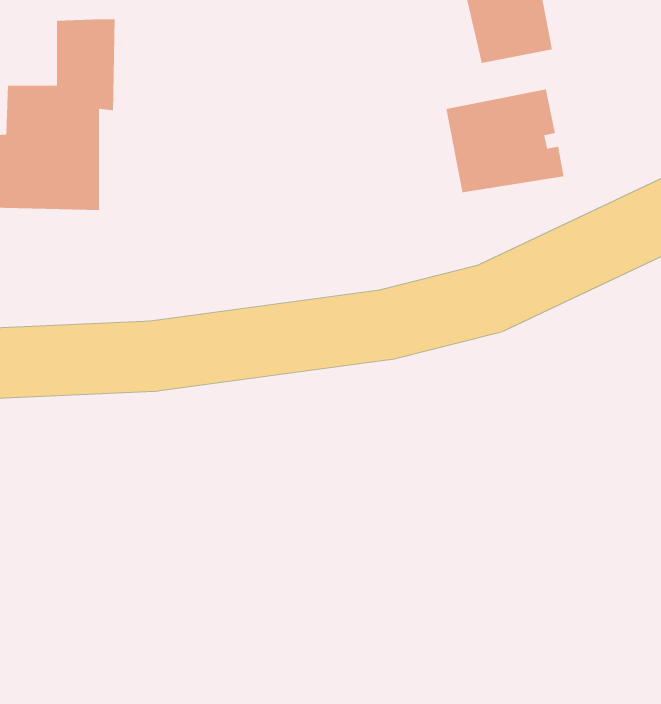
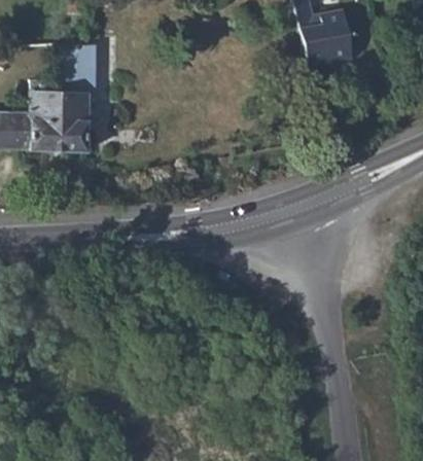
building: [445,88,565,193] -> none

